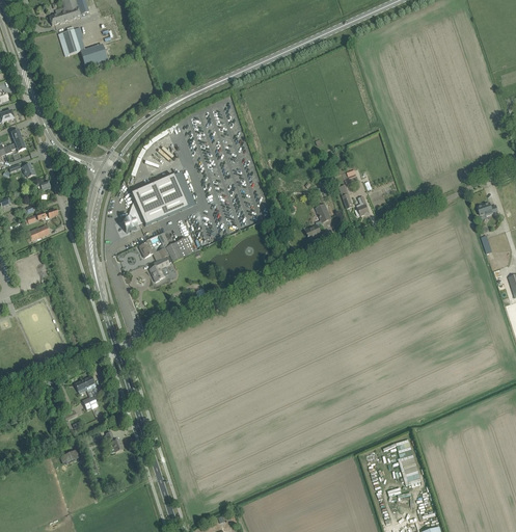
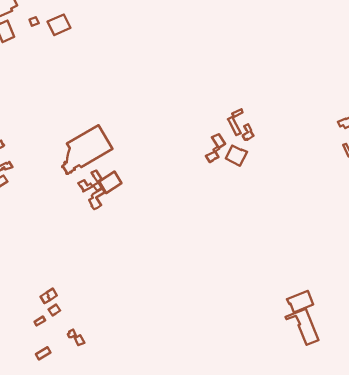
building: [80,43,108,68] -> [48,15,70,35]
building: none -> [226,145,247,166]
building: none -> [287,291,313,312]

